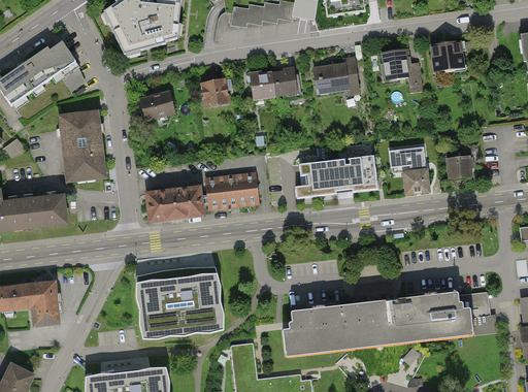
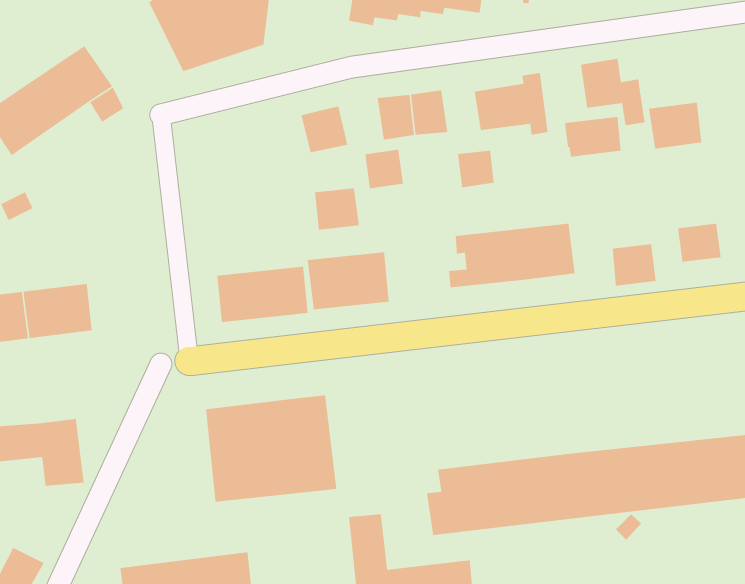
building: [430,39,465,70] -> [648,102,702,149]
building: [139,90,174,122] -> none
building: none -> [365,149,404,189]
building: none -> [457,150,495,188]
building: [58,110,105,184] -> none
building: none -> [314,188,360,230]
building: [390,144,427,171] -> [564,116,621,157]

